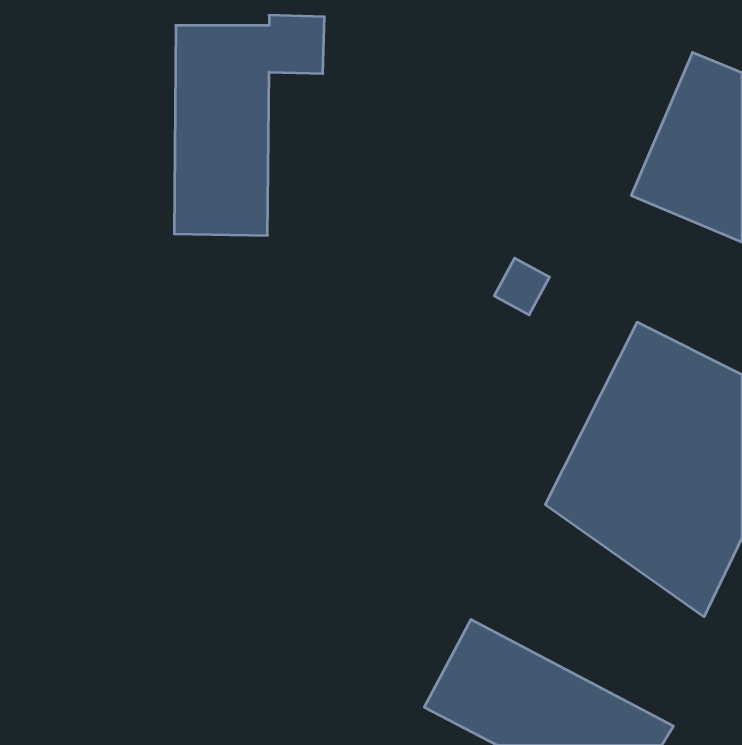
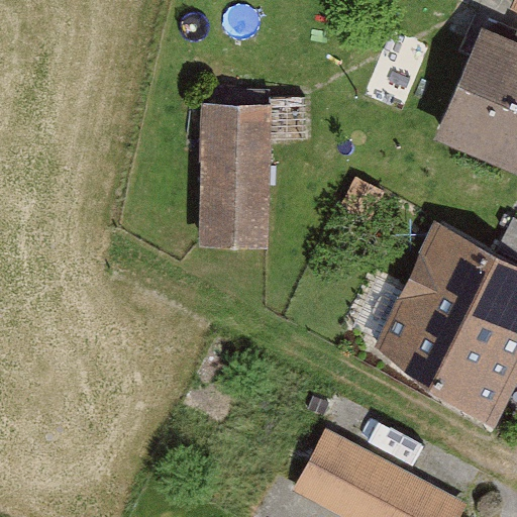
building: [174,15,324,235] -> [201,98,305,250]

